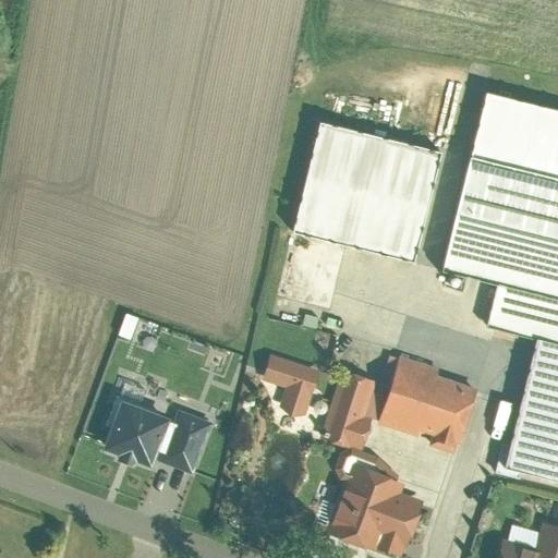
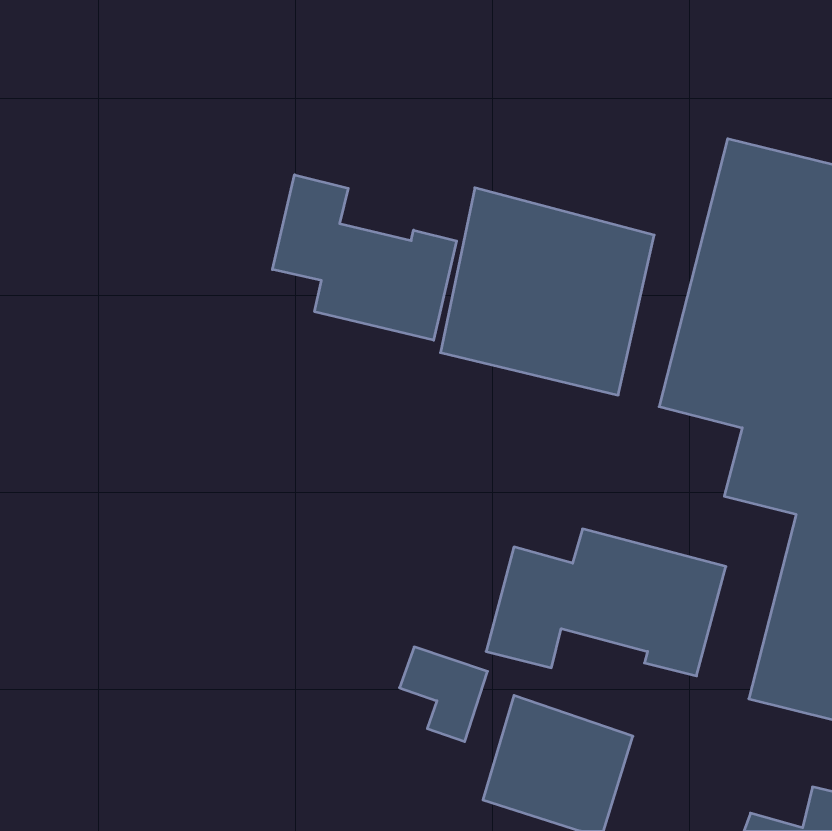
building: none -> [272,175,457,340]
building: [267,350,326,413] -> [399,647,488,742]
building: [102,401,209,470] -> none

